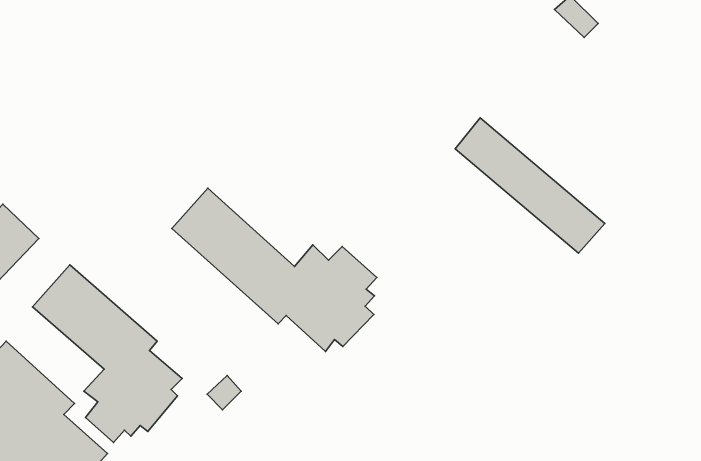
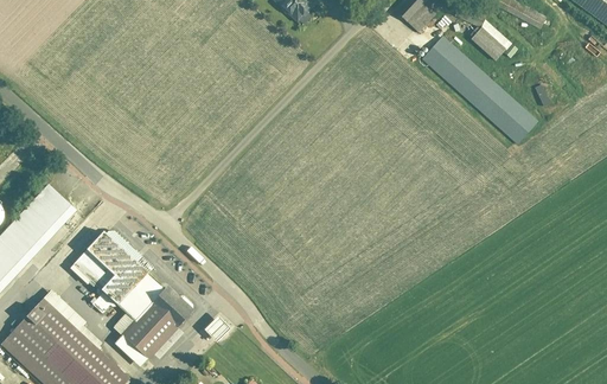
building: [455,118,605,253] -> [418,36,532,139]
building: [172,188,377,351] -> none

